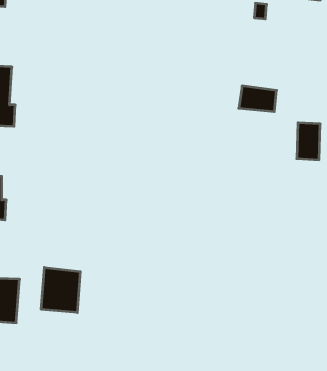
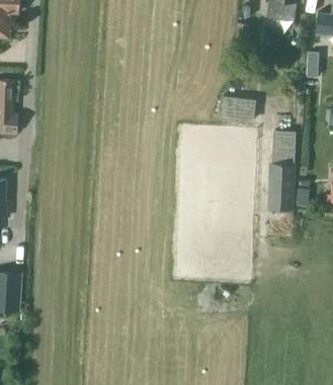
building: none -> [271,164,294,210]
building: [41,267,80,313] -> none

